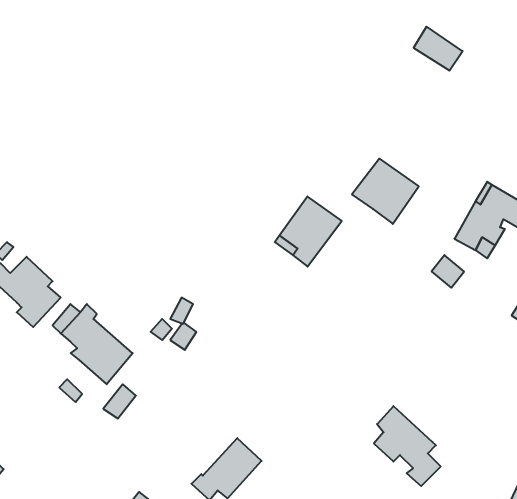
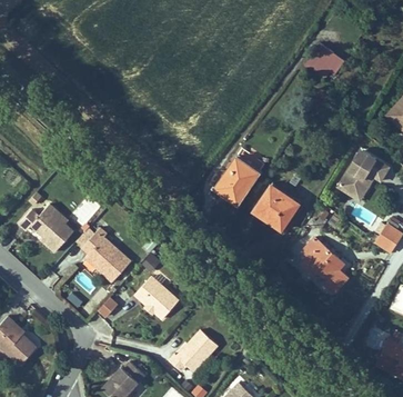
building: [352,159,419,224] -> [259,189,304,234]
building: none -> [135,276,180,319]
building: [374,406,441,486] -> [310,241,355,296]

